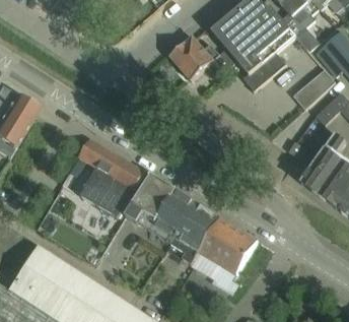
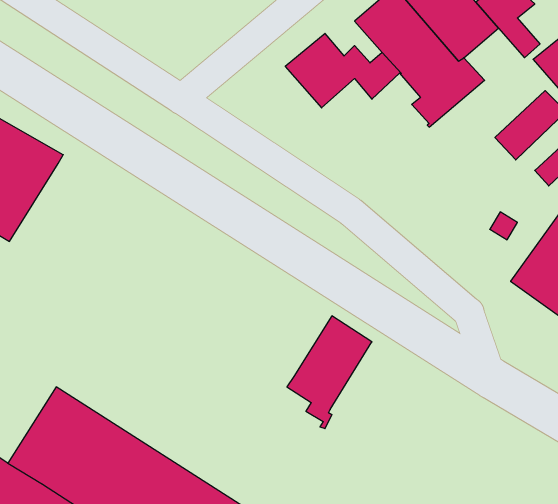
building: [79,138,145,216] -> none
building: [126,174,197,238] -> none
building: [196,217,258,289] -> none

